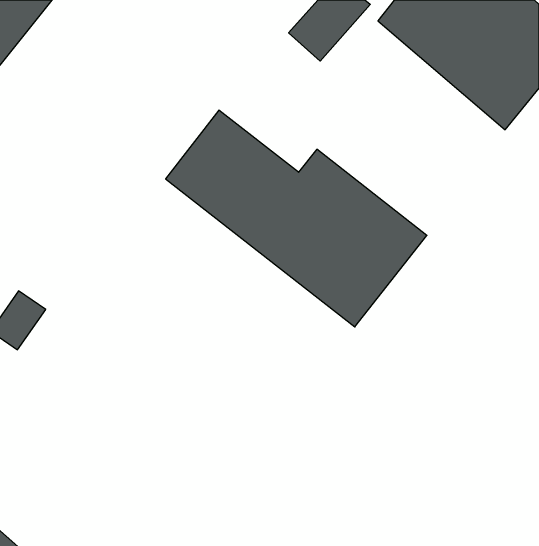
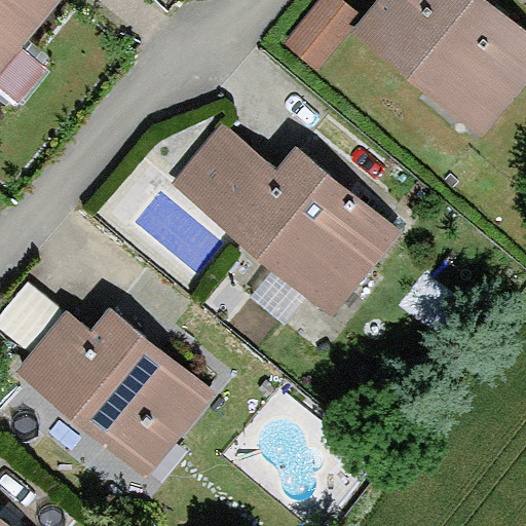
building: none -> [17,310,218,479]

